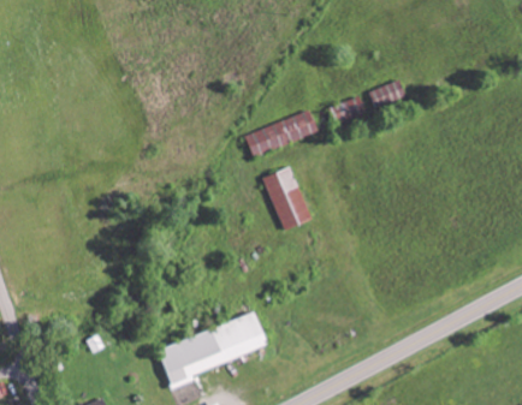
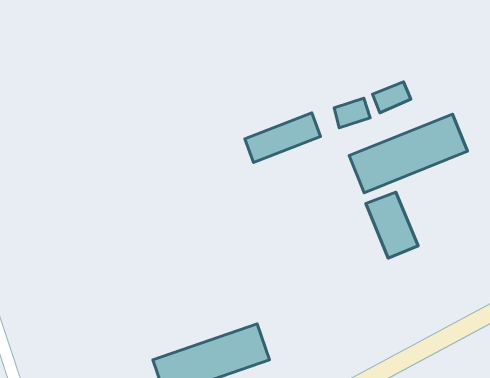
building: none -> [349,114,468,193]
building: [262,167,313,231] -> [366,192,418,258]

